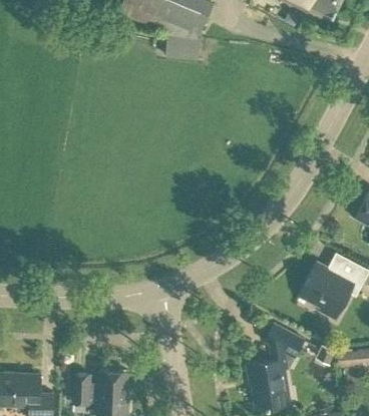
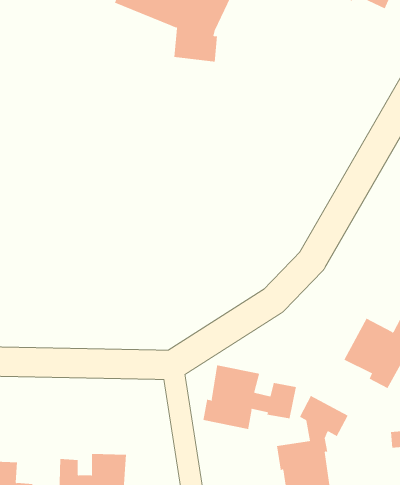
building: none -> [203,365,296,430]

